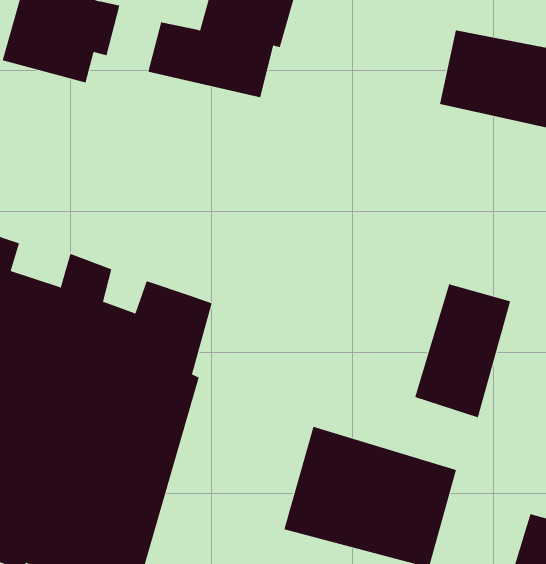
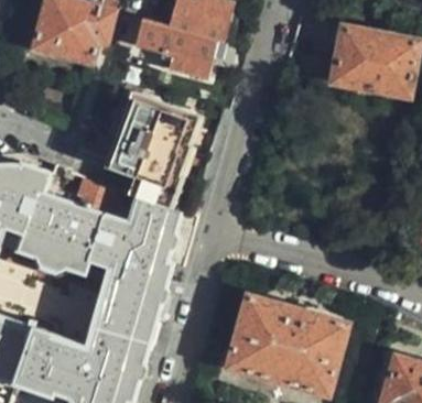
building: none -> [102,89,196,208]
building: [415,284,511,418] -> none

